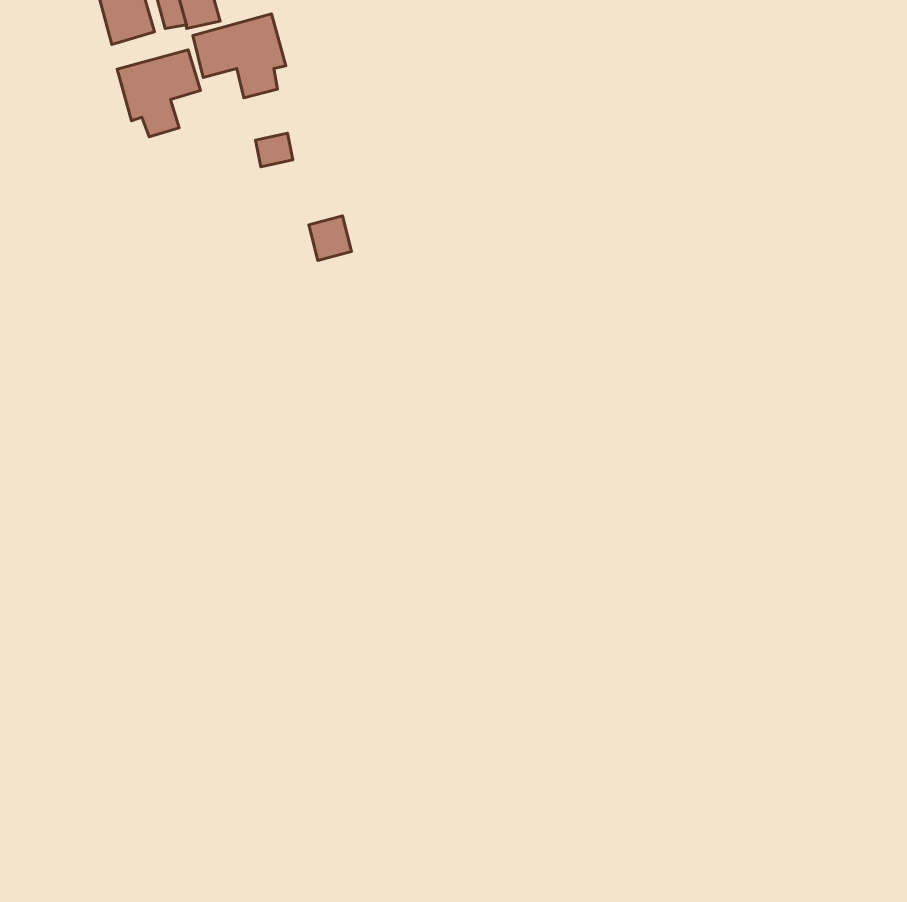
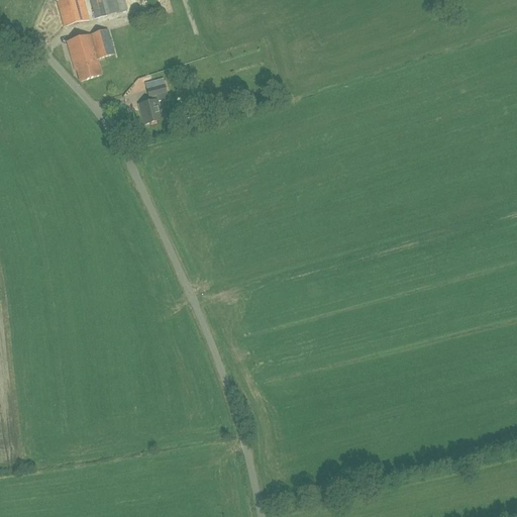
building: [193,14,286,98] -> none
building: [309,216,351,260] -> [138,97,163,122]

